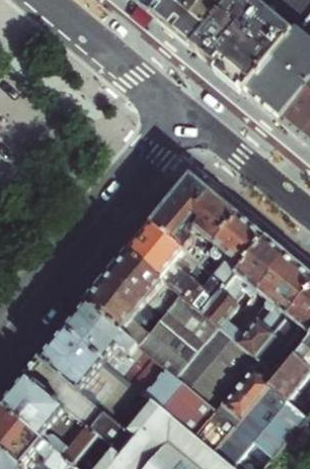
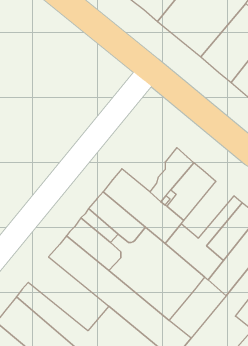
building: [150,174,216,249] -> none
building: [221,237,284,304] -> none
building: [38,326,135,414] -> none
building: [207,351,275,424] -> none

